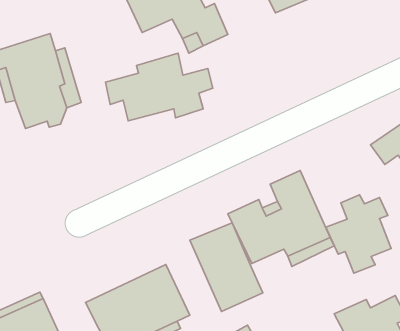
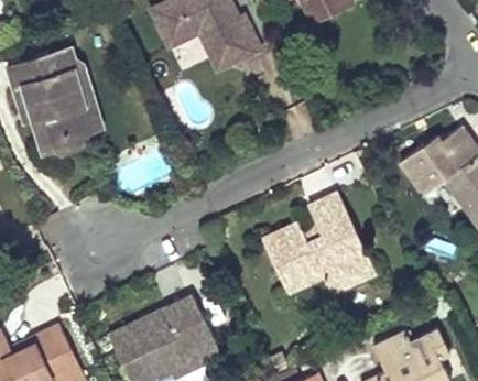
building: [105,53,213,121] -> none
building: [326,195,391,273] -> none
building: [190,223,263,311] -> none

